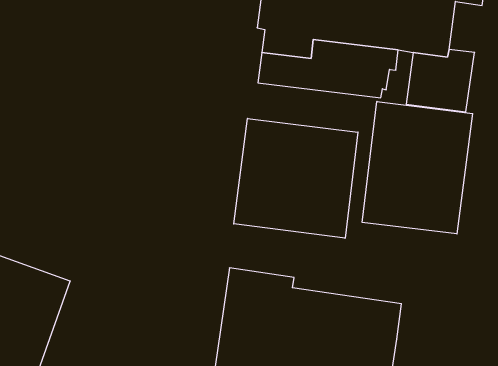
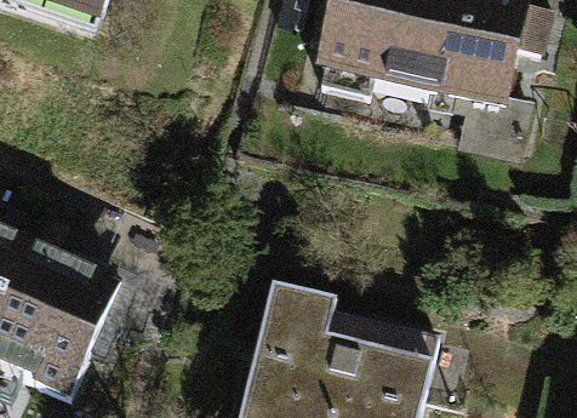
building: [362,101,473,234] -> none
building: [234,118,358,238] -> none

